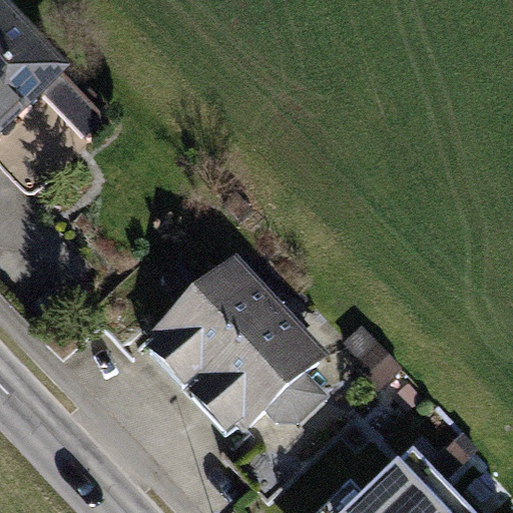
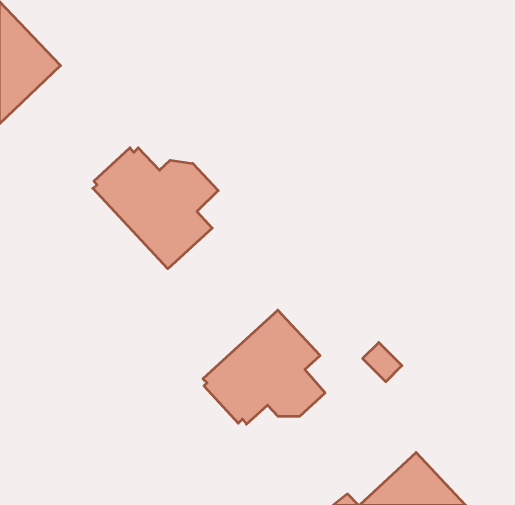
building: none -> [93,148,218,269]
building: [159,262,276,376] -> none

